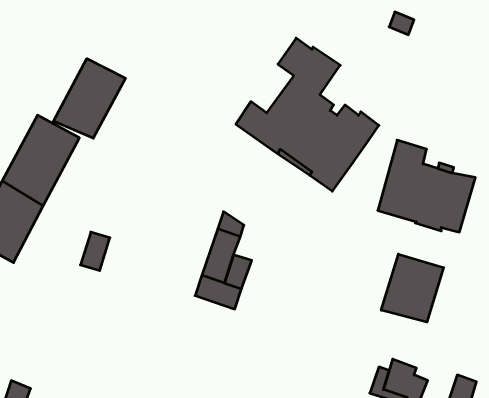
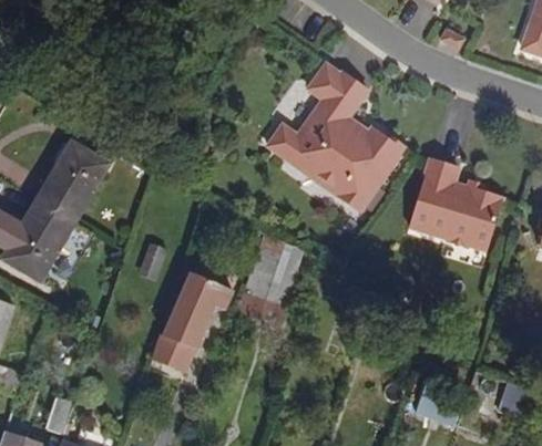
building: [54,59,125,138] -> none
building: none -> [150,270,227,369]
building: [381,254,444,322] -> none

